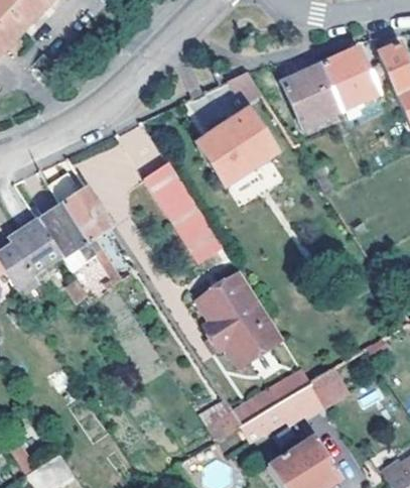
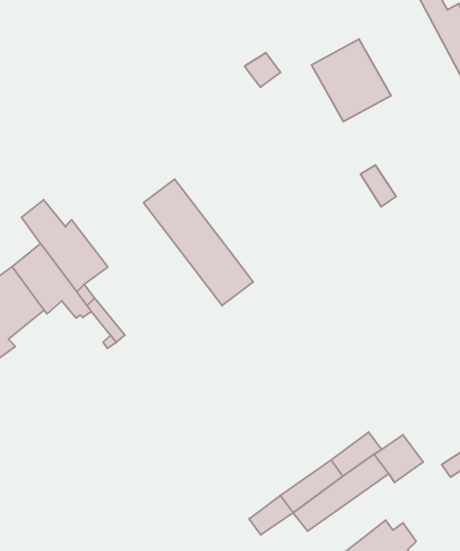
building: [319,48,377,110] -> none
building: [195,111,274,186] -> none
building: [196,270,285,368] -> none

